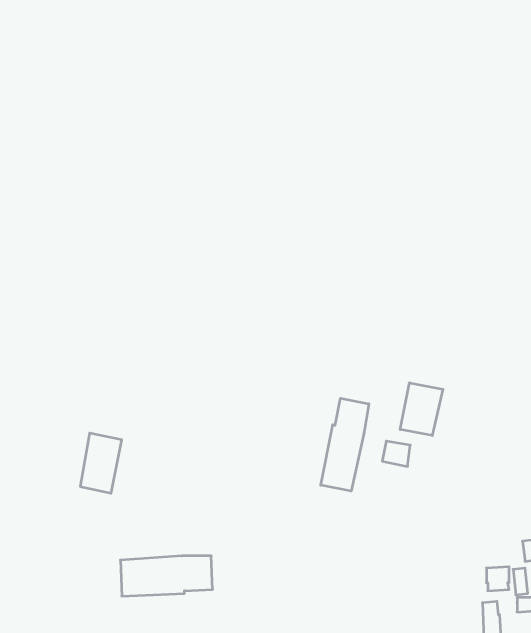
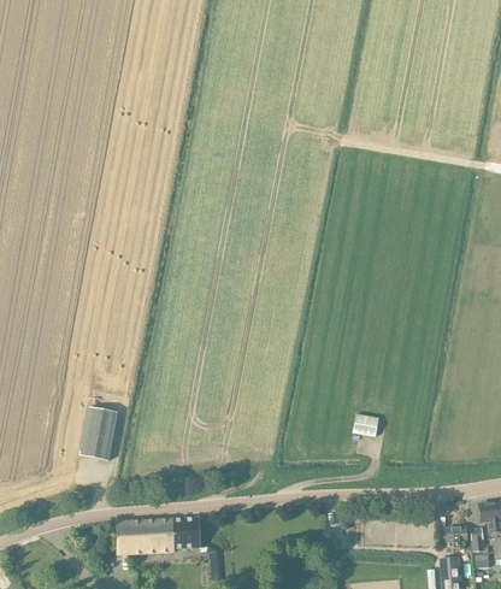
building: [400,383,443,436] -> none
building: [321,398,369,491] -> none

